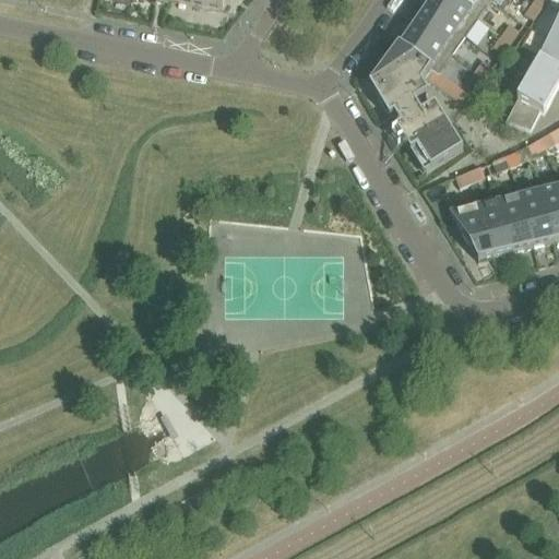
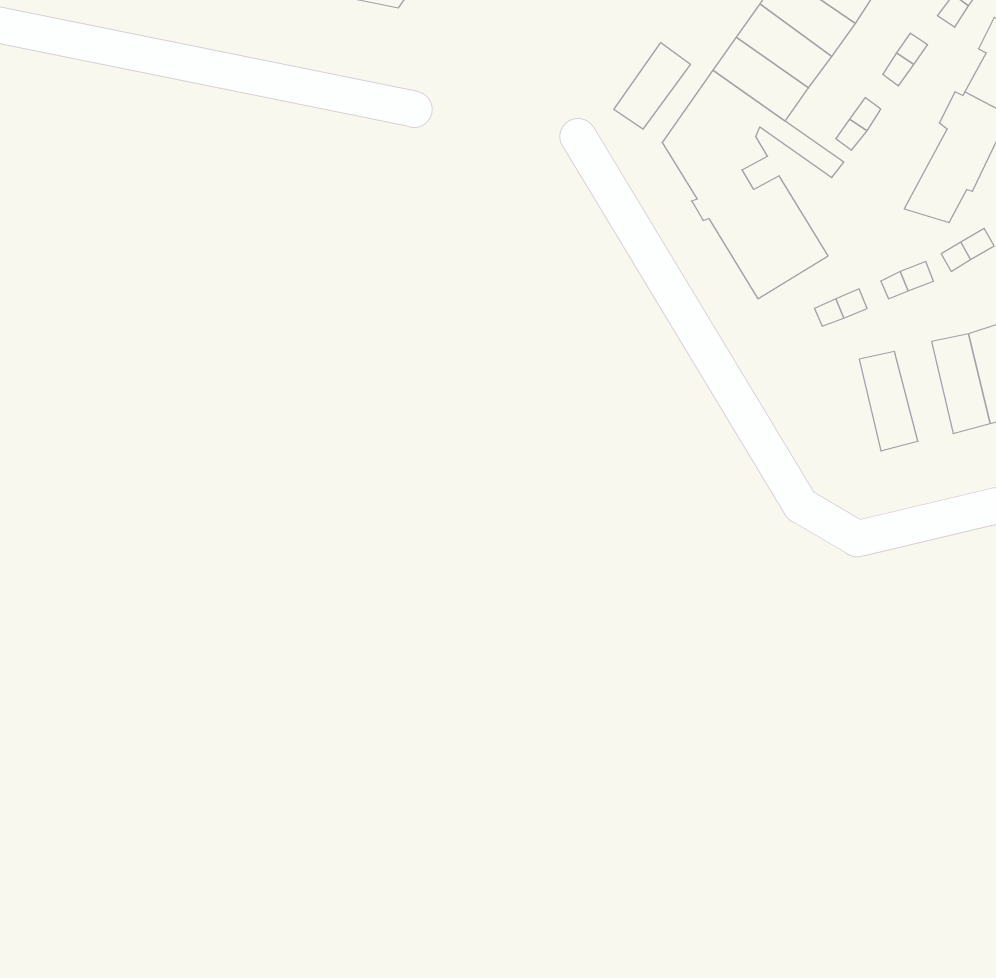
building: none -> [614,43,690,129]
building: [451,191,493,255] -> none
building: [501,191,534,247] -> none

